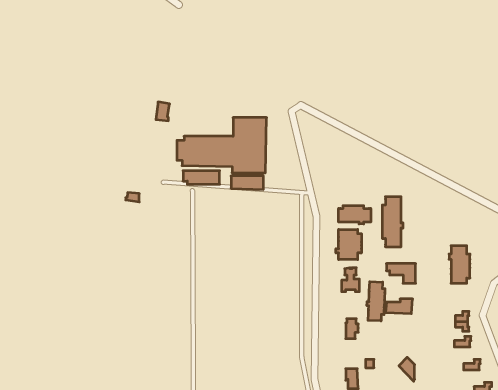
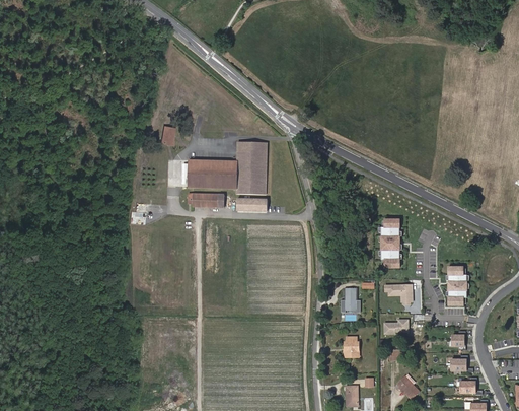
building: [339,206,371,224] -> none
building: [336,229,361,260] -> none
building: [367,282,385,321] -> none

